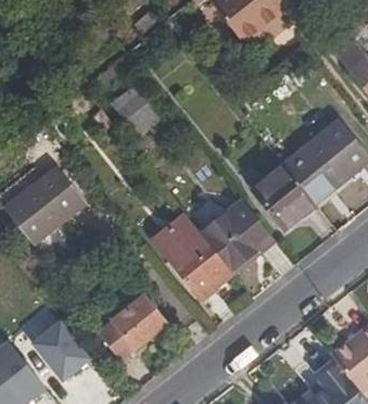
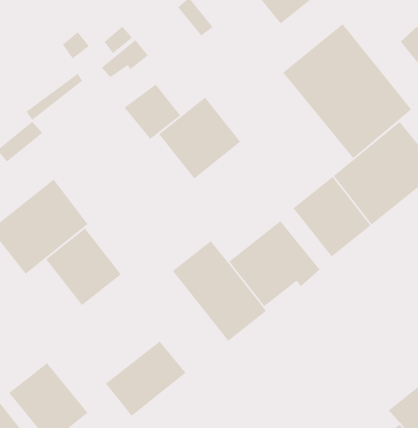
building: none -> [282,23,412,159]
building: none -> [158,96,241,180]
building: none -> [45,227,122,306]

